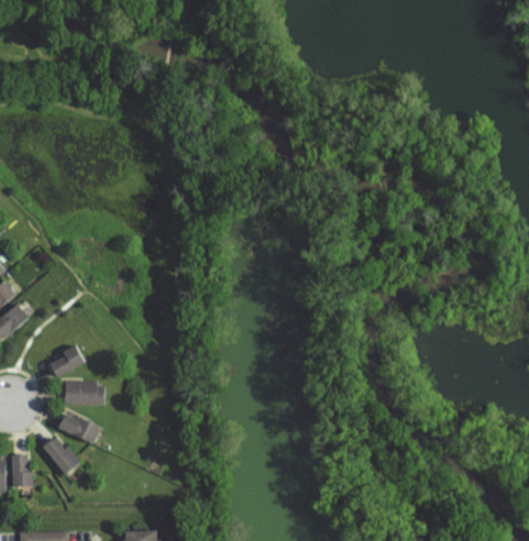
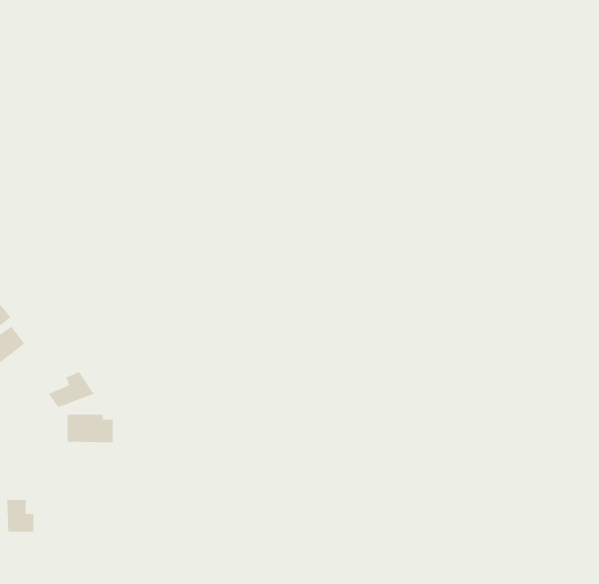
building: [55,417,100,448] -> none
building: [42,435,82,475] -> none

